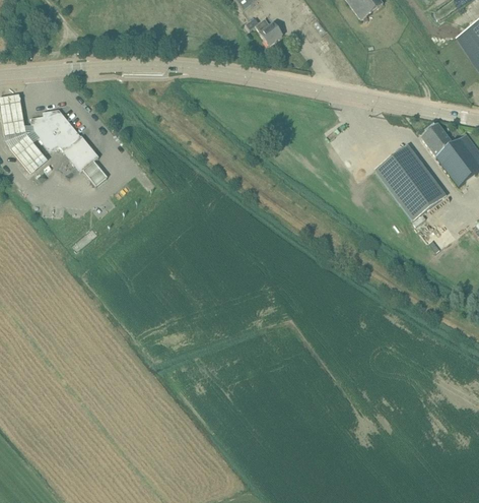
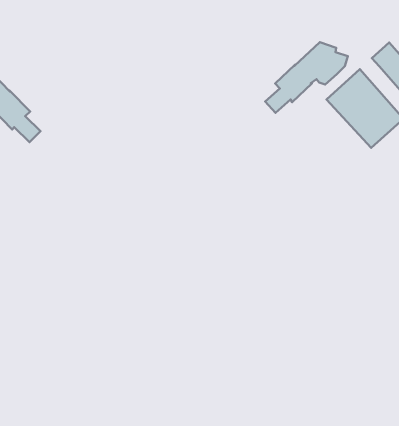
building: none -> [265,42,348,113]

